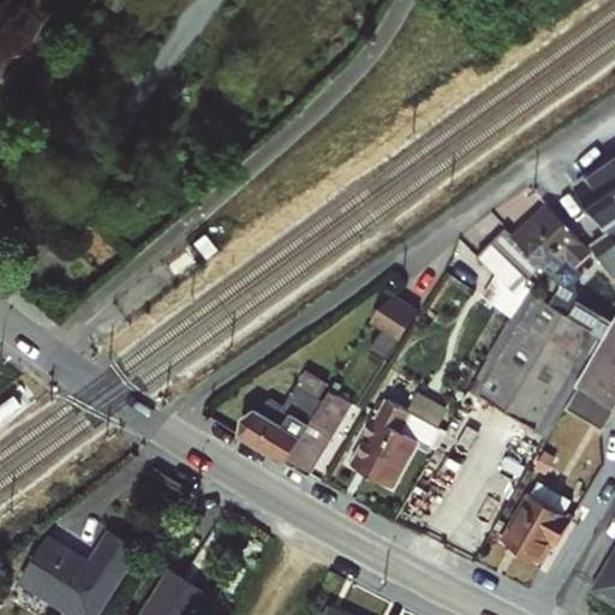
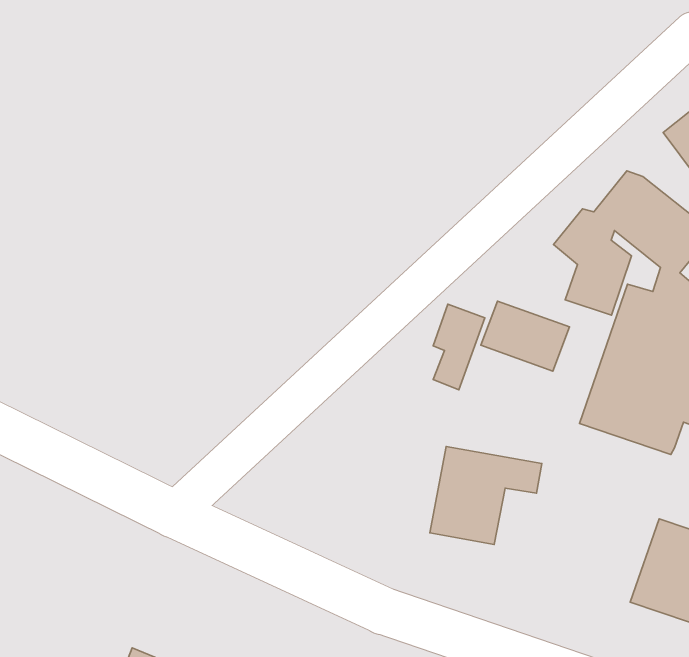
building: none -> [481,301,569,371]
building: [237,372,352,478] -> none

